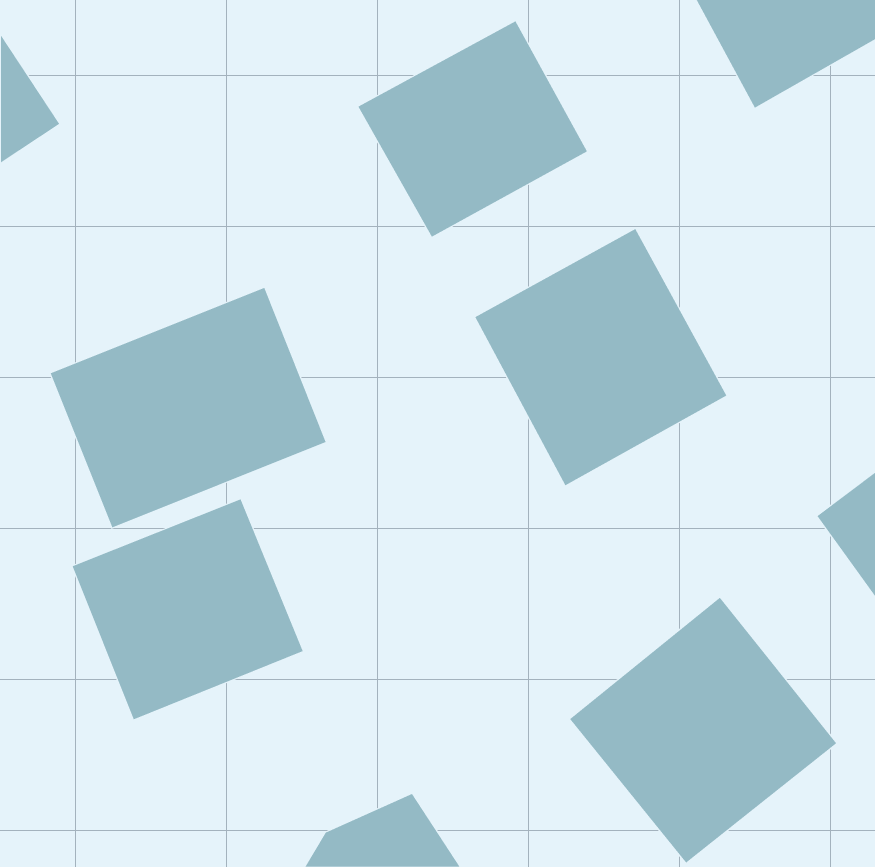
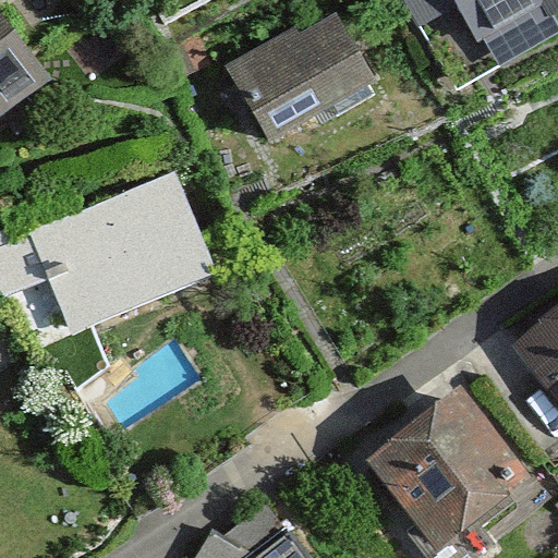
building: [474,228,727,486] -> none
building: [72,499,303,720] -> none

